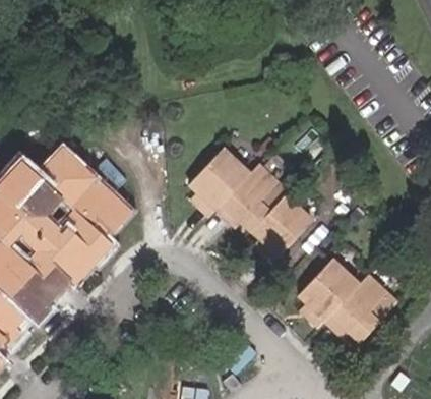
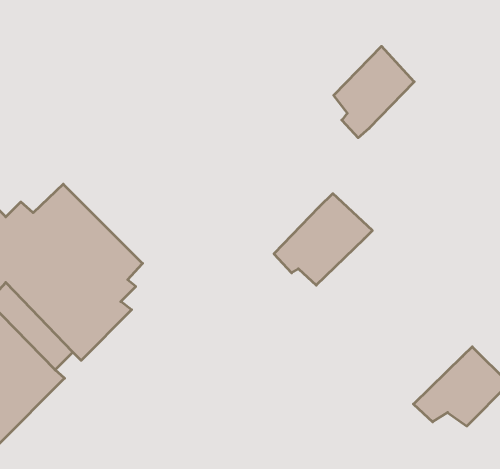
building: [193,142,253,211] -> [334,46,414,138]
building: [251,192,312,258] -> none
building: [298,254,360,326] -> none

